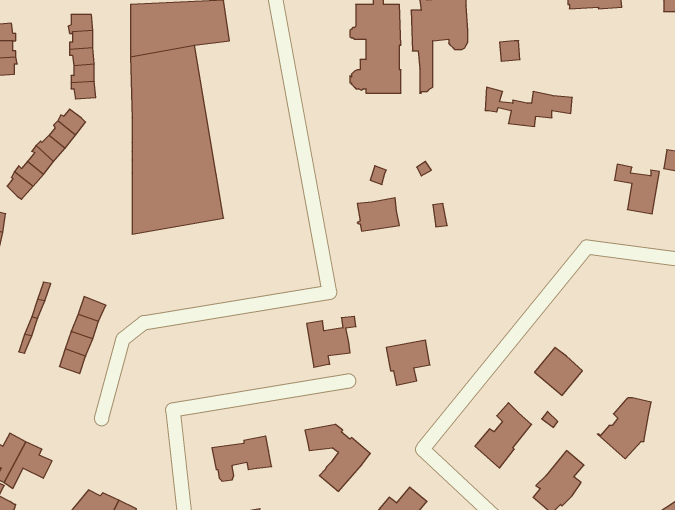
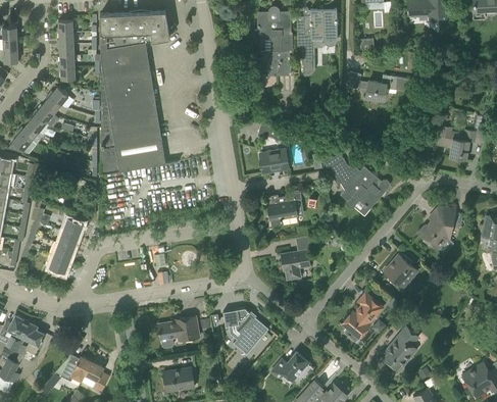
building: none -> [329,159,389,208]
building: [307,316,356,367] -> [266,192,301,228]
building: [597,398,651,459] -> [417,207,455,250]

